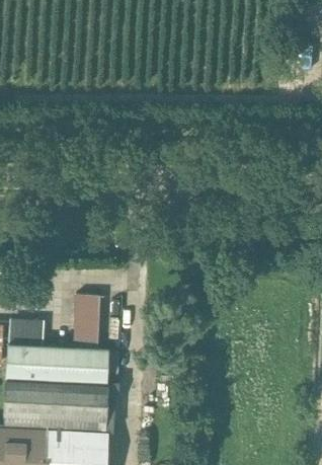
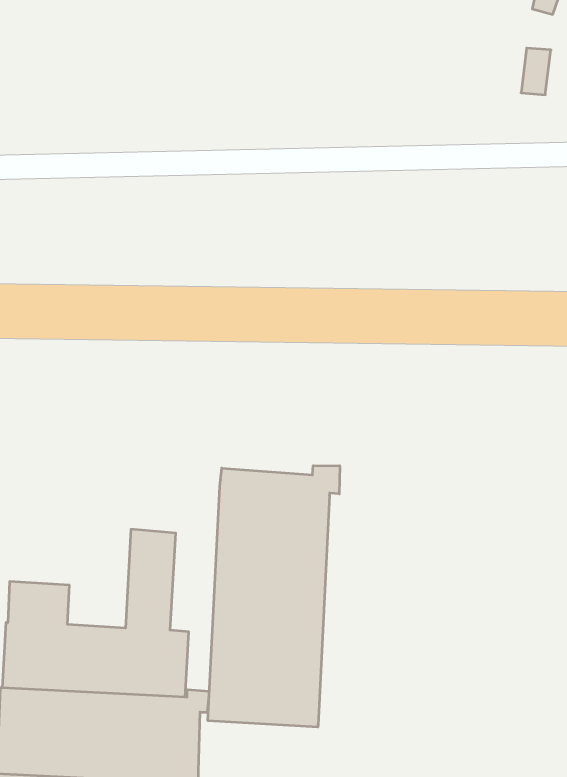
building: none -> [208,466,340,727]

